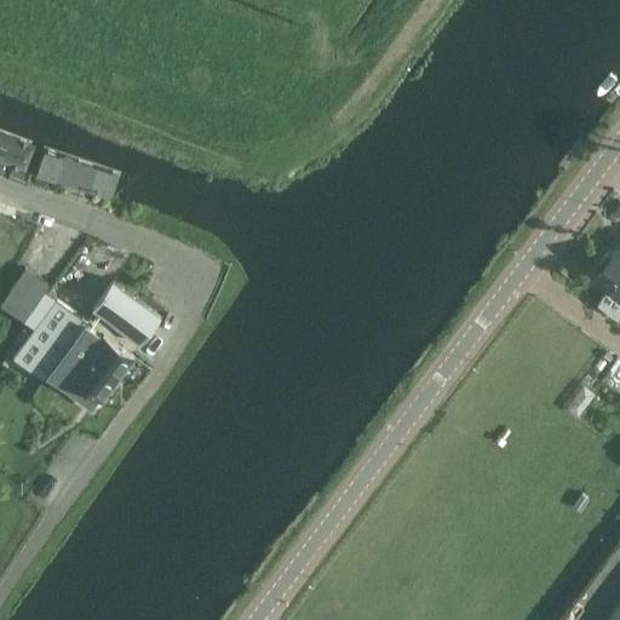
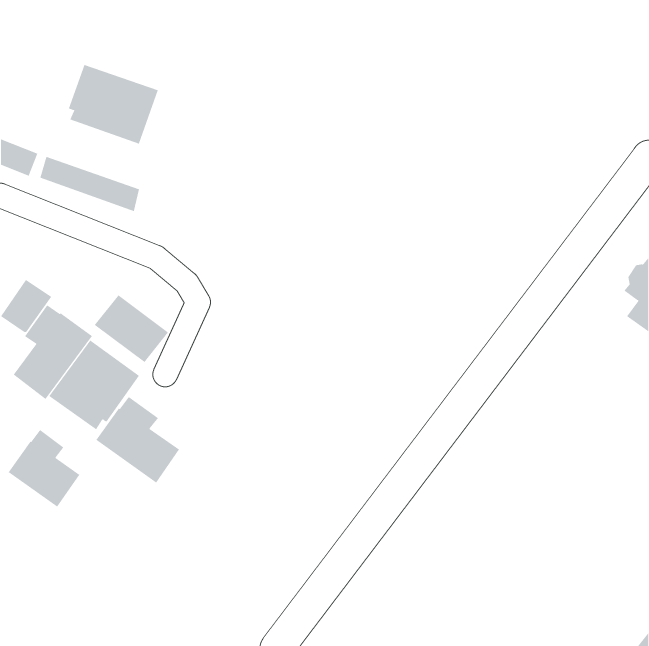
building: none -> [68,64,158,144]
building: none -> [96,396,180,483]
building: none -> [8,429,80,508]

